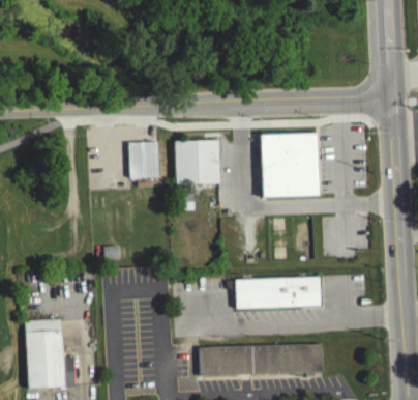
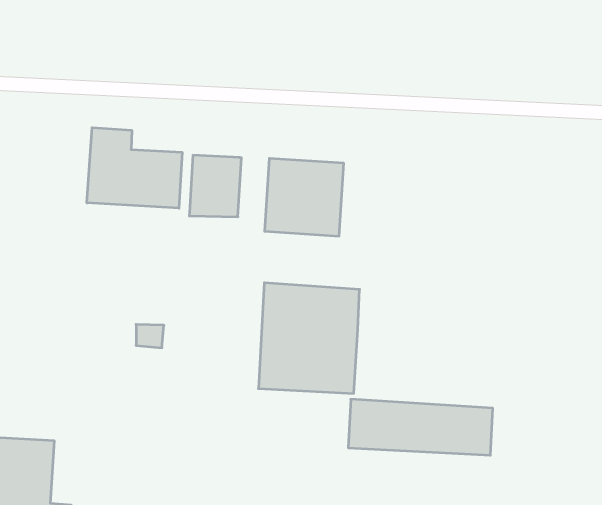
building: none -> [87,128,182,208]
building: [261,134,320,198] -> [258,283,360,393]

